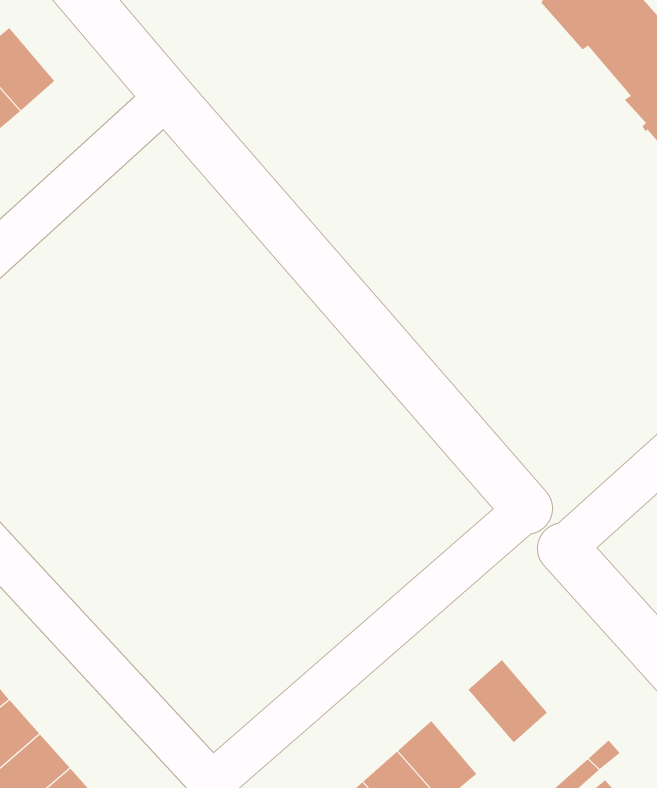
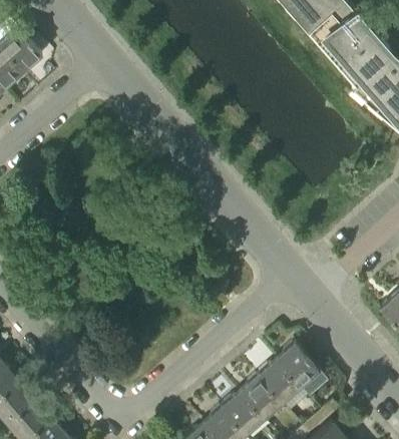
building: none -> [277,344,319,388]
building: none -> [240,376,283,420]

